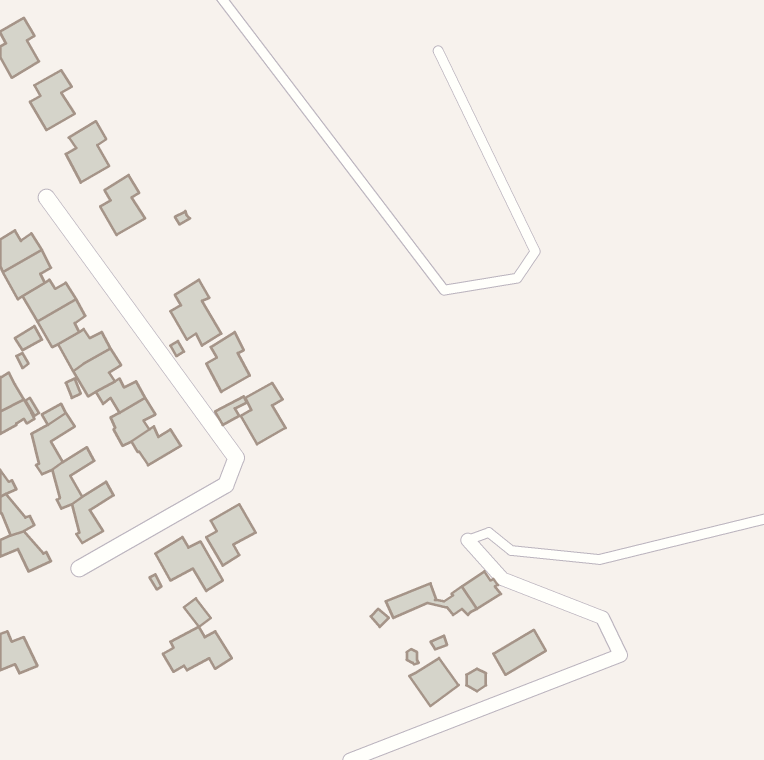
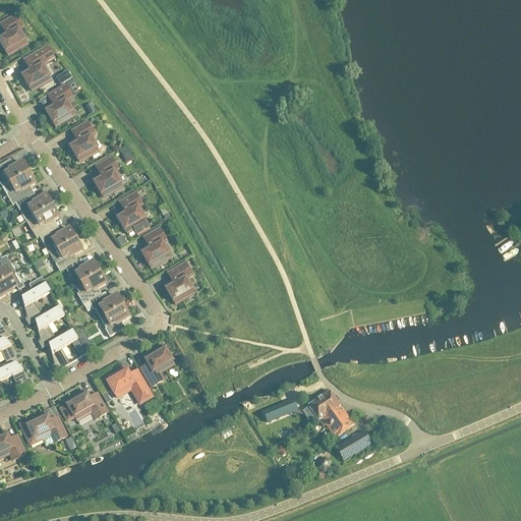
building: none -> [93,155,122,195]
building: none -> [101,303,129,335]
building: none -> [20,410,66,444]
building: [163,627,232,672] -> [60,389,107,419]
building: [409,658,459,706] -> [321,404,354,437]

